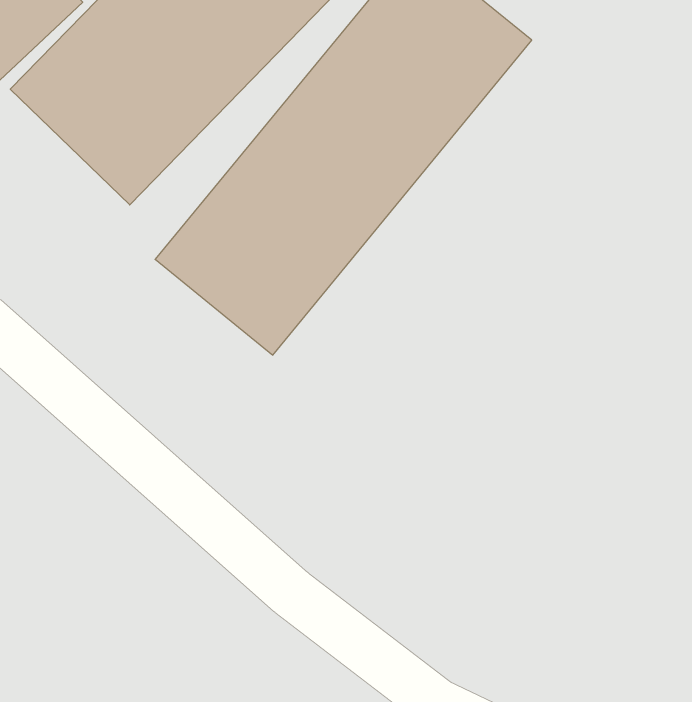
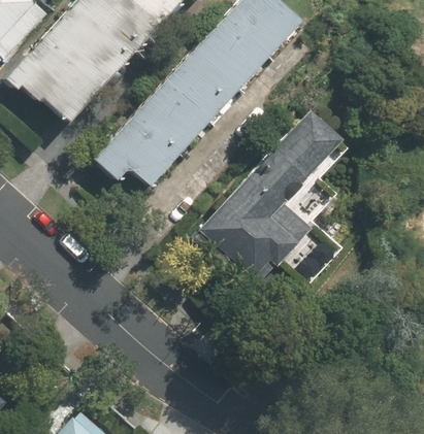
building: none -> [202,105,345,273]

